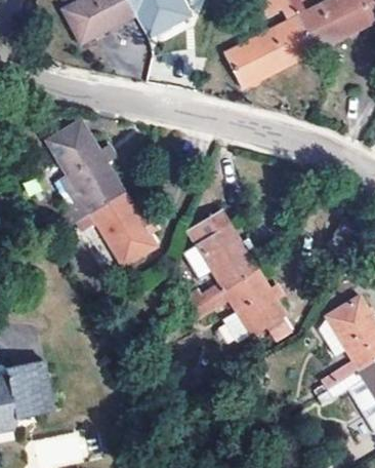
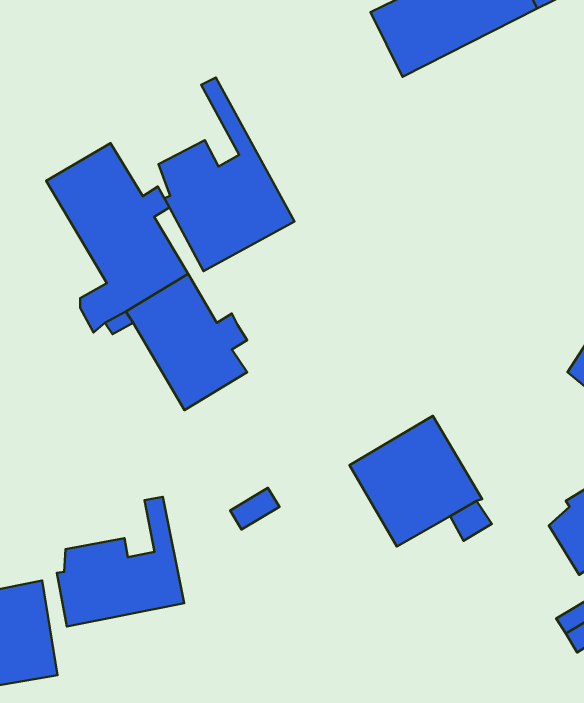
building: none -> [159,77,294,271]
building: [182,208,257,309] -> none
building: none -> [57,497,184,626]

